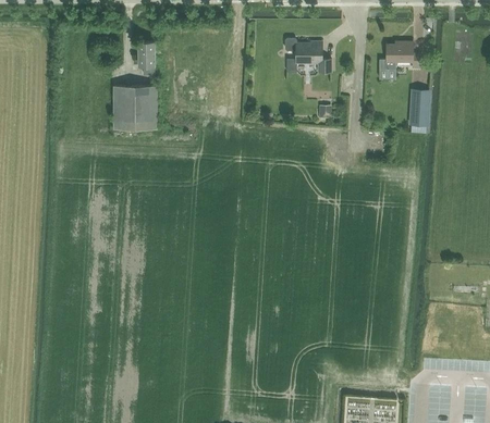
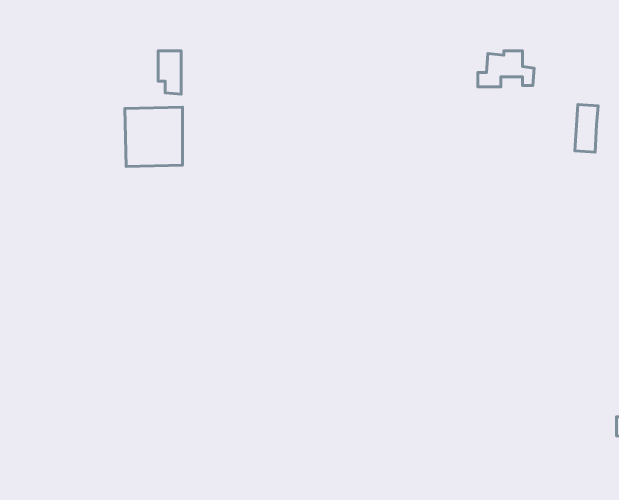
building: [286,38,331,73] -> none
building: [412,90,429,126] -> [575,104,598,152]

